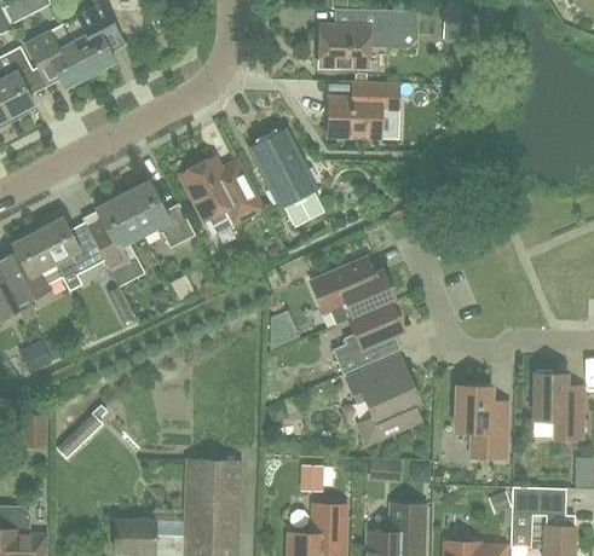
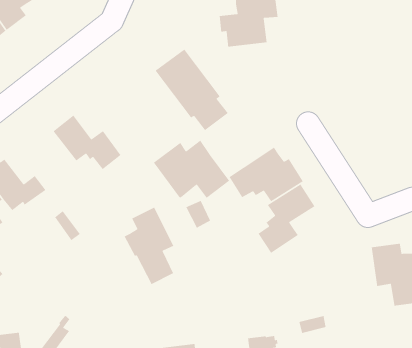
building: [178,157,261,226] -> [153,139,230,199]
building: [93,196,142,271] -> none
building: none -> [123,206,174,285]
building: [346,355,420,445] -> none

